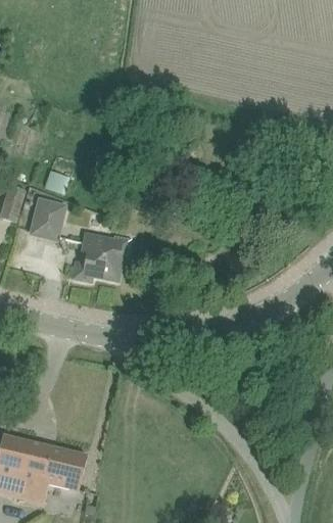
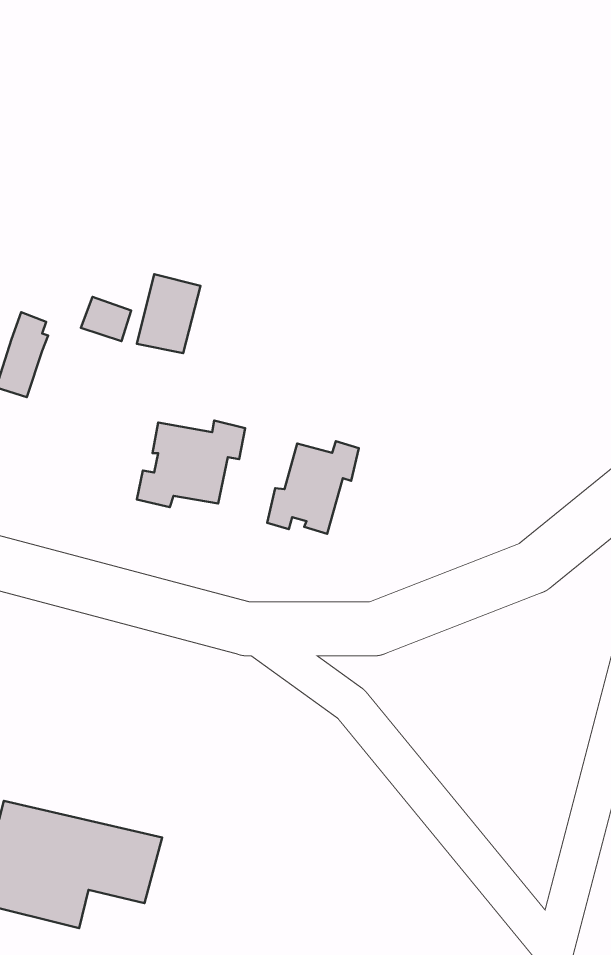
building: [31,196,64,238] -> [137,274,201,353]
building: none -> [267,441,359,534]

